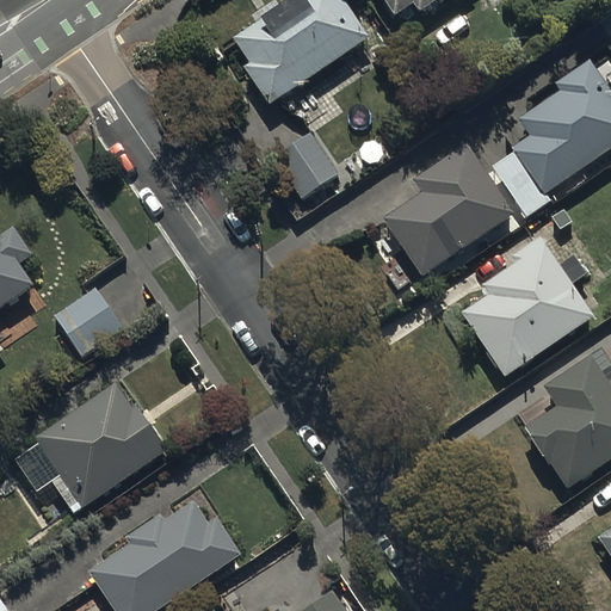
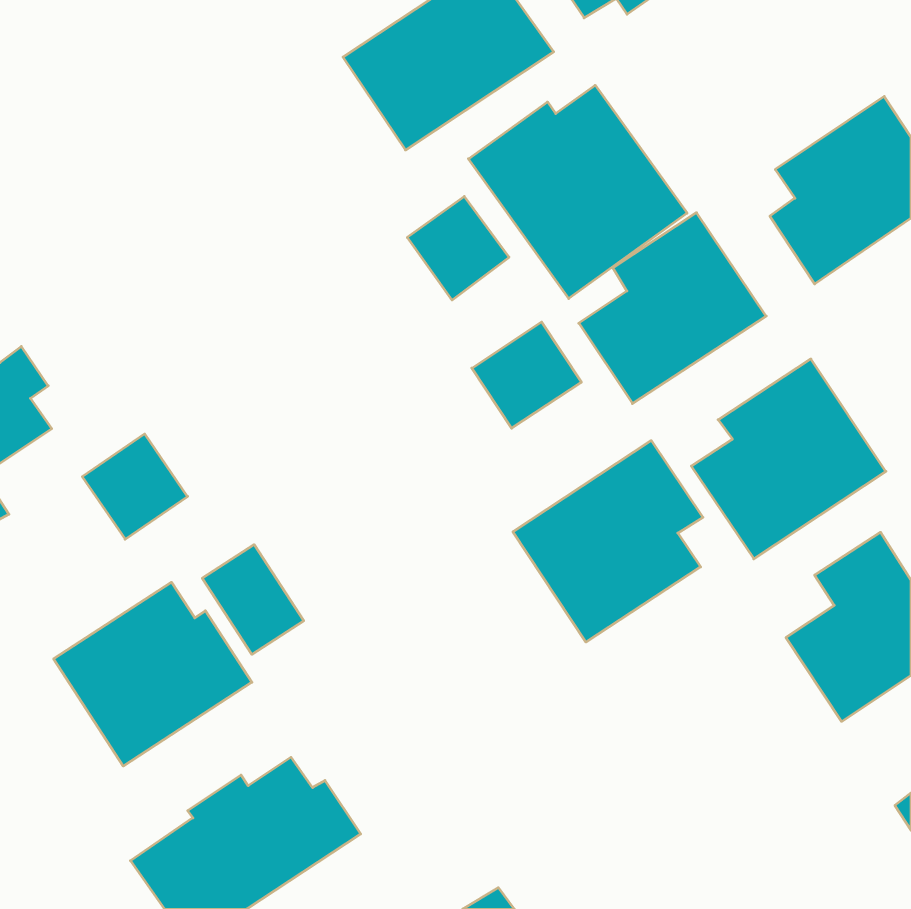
building: none -> [468,85,687,299]
building: none -> [472,322,581,428]
building: none -> [513,441,703,642]
building: none -> [202,545,304,654]

